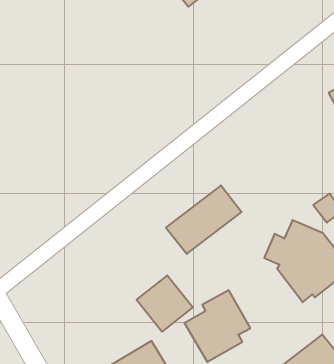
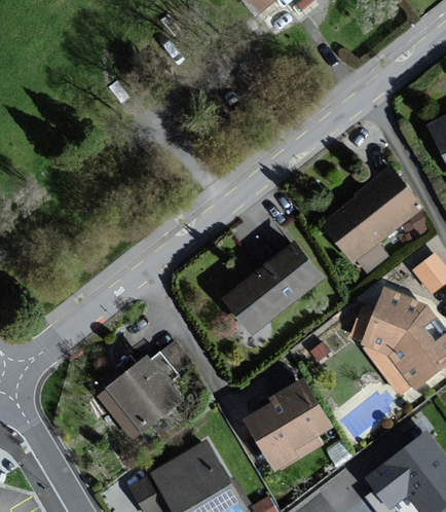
building: none -> [323,170,419,260]
building: [137,275,193,332] -> [108,358,180,430]

